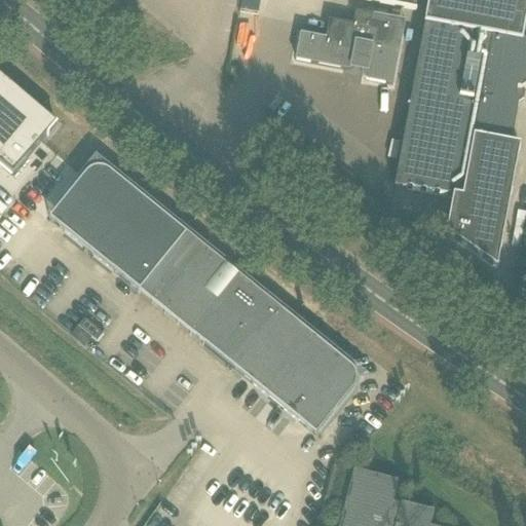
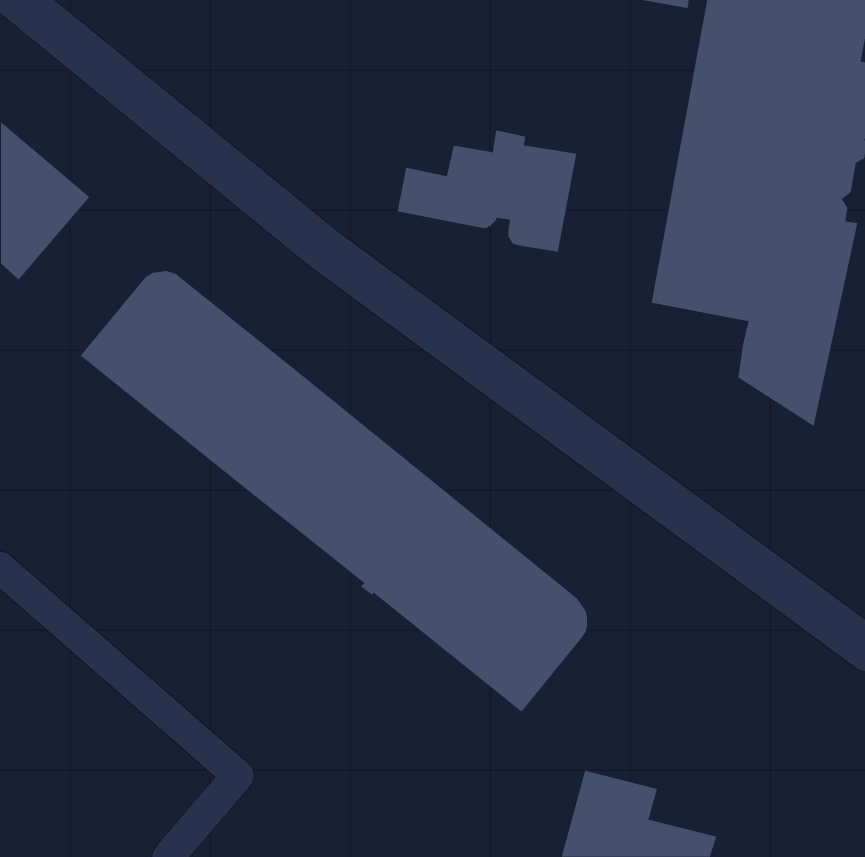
building: [297,6,406,80] -> [397,130,577,252]

